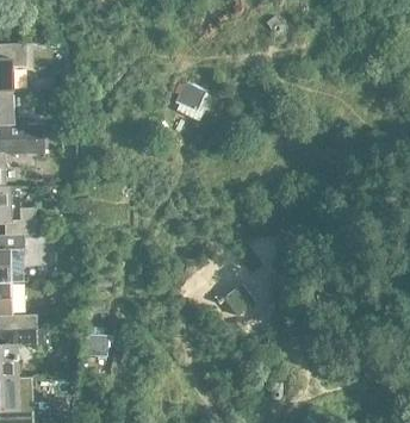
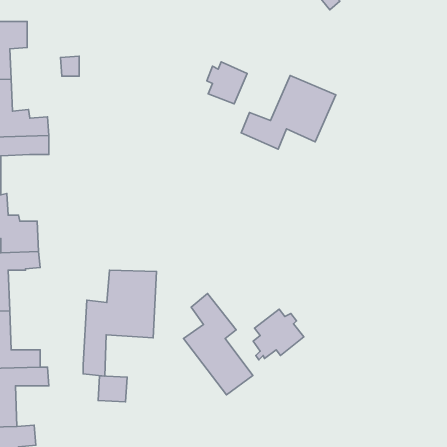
building: none -> [241,75,336,149]
building: none -> [83,270,157,376]
building: none -> [184,294,253,395]

